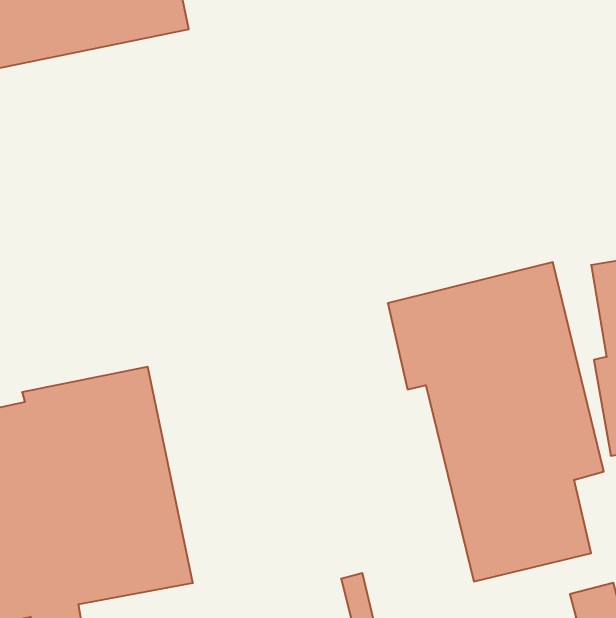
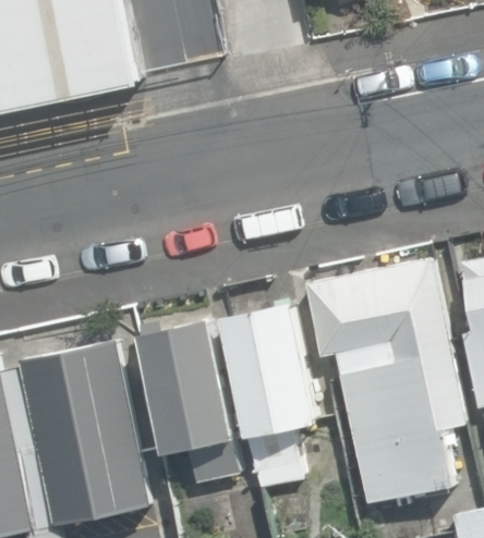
building: none -> [223,304,319,488]
building: none -> [143,320,245,482]

